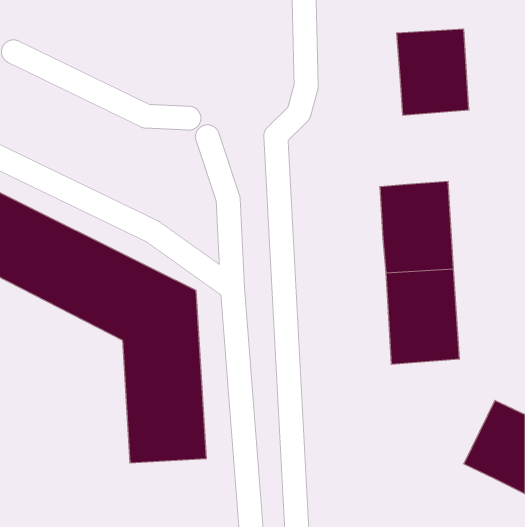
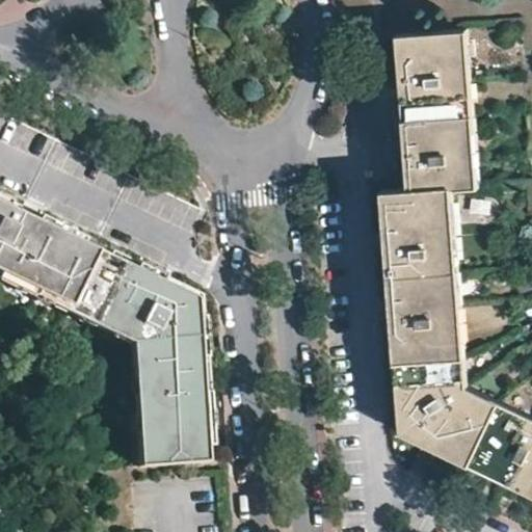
building: none -> [403,113,474,188]
building: none -> [392,363,496,468]

